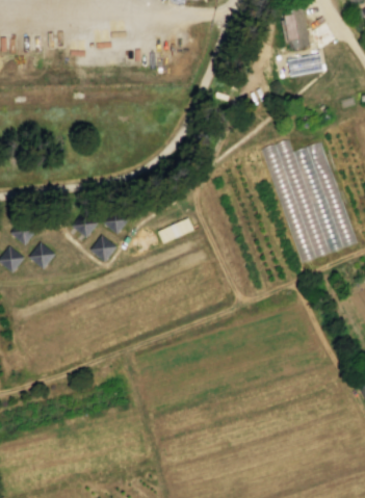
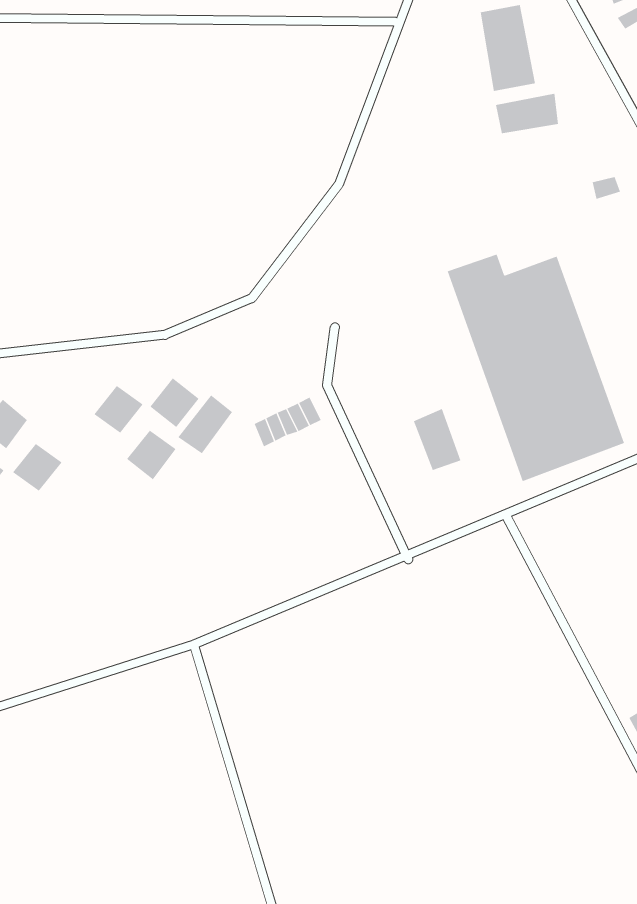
building: none -> [178,395,233,454]
building: none -> [413,408,461,471]

